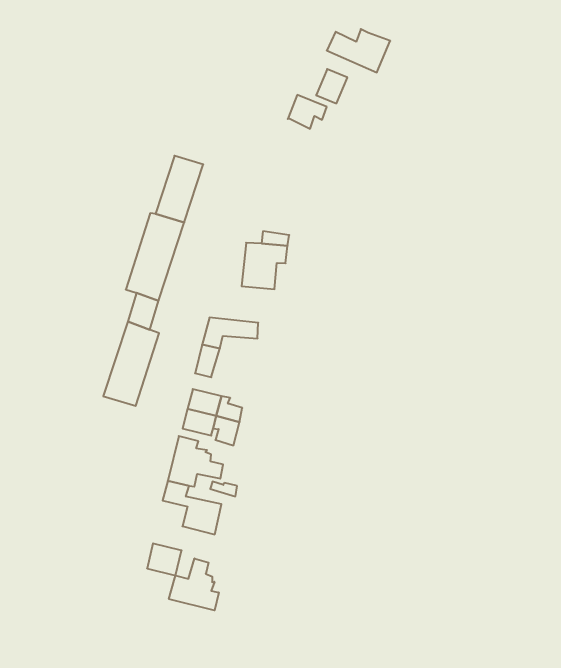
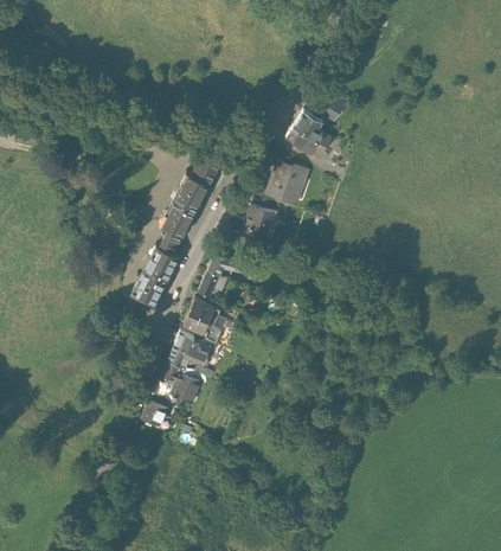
building: [327,29,390,72] -> [287,126,332,159]
building: none -> [266,161,310,204]
building: [169,558,219,610] -> none

